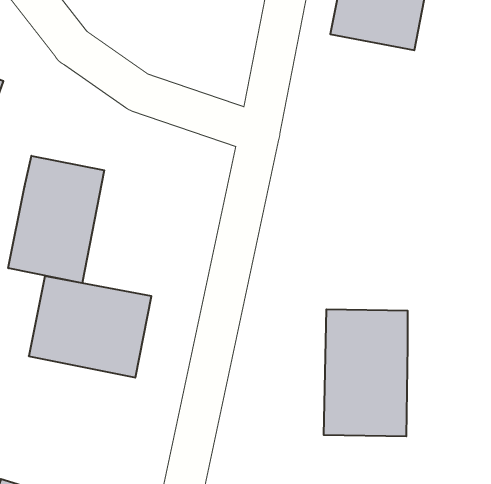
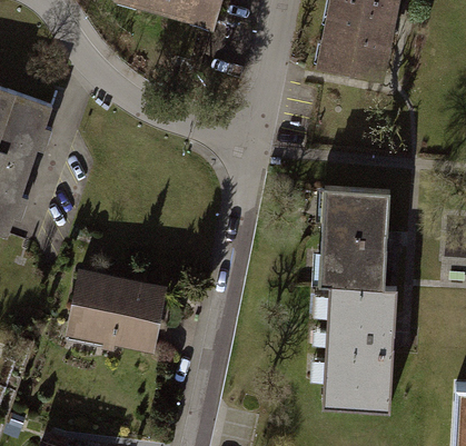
building: [8,156,104,283] -> none
building: none -> [317,190,387,297]

